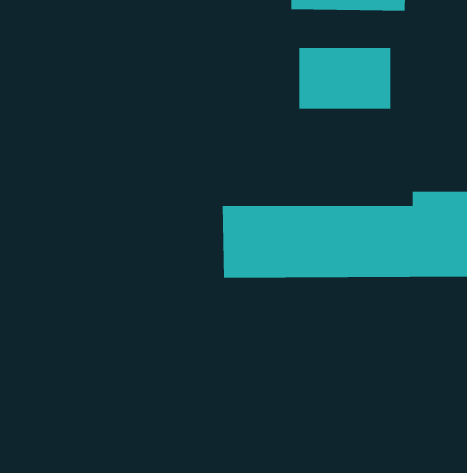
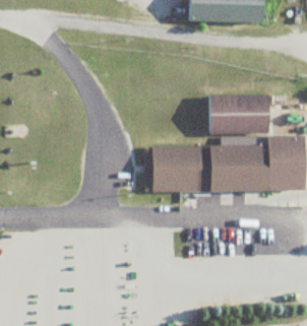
building: [298,47,391,109] -> [210,94,269,134]

